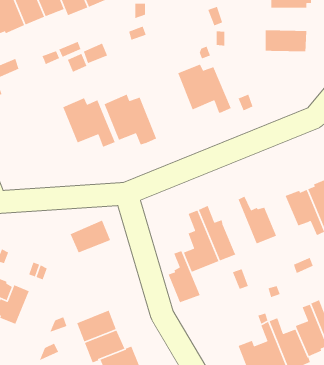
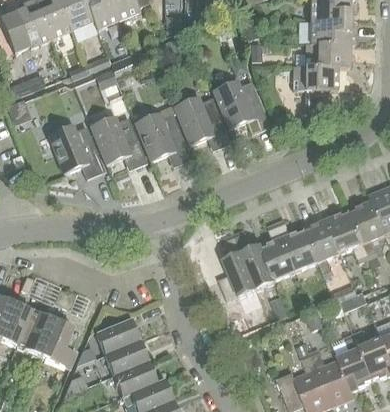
building: none -> [305,21,355,44]
building: none -> [293,66,349,112]
building: none -> [173,95,230,148]
building: none -> [48,124,105,178]
building: none -> [305,219,340,276]
building: [70,220,111,254] -> [96,318,140,354]
building: [168,250,201,304] -> [261,223,296,280]
building: none -> [41,320,76,368]

